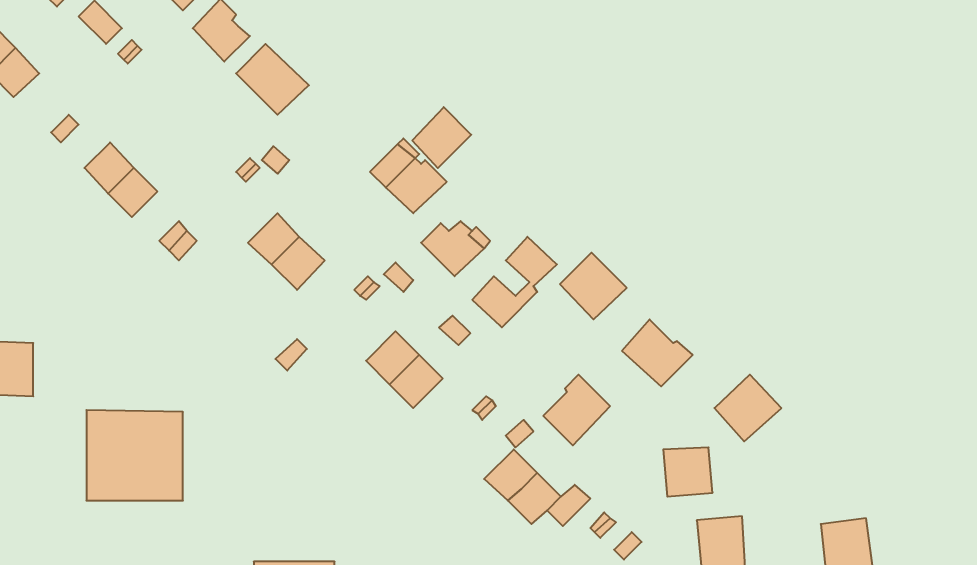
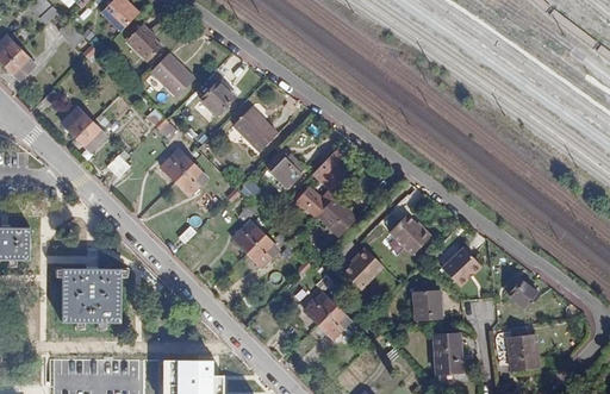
building: [412,107,471,168] -> [199,80,235,117]
building: [560,253,627,319] -> [316,196,356,237]
building: none -> [505,277,540,311]

